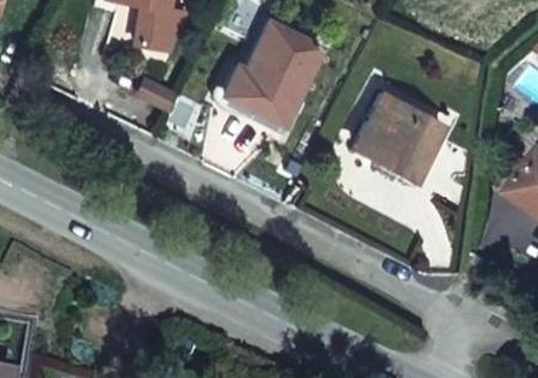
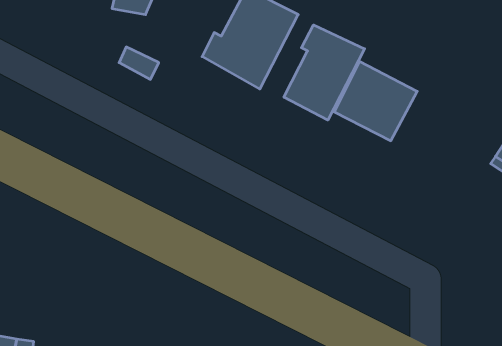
building: none -> [284,25,365,120]

